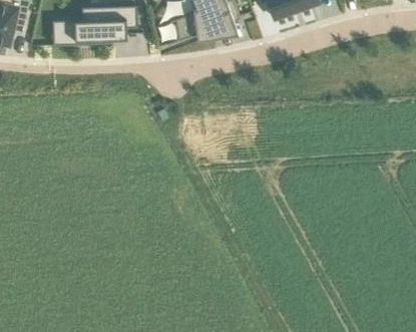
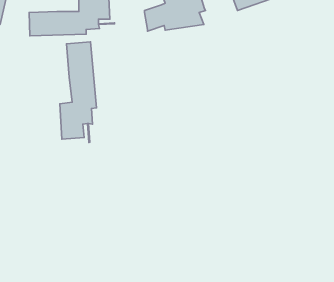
building: none -> [60,42,96,142]

